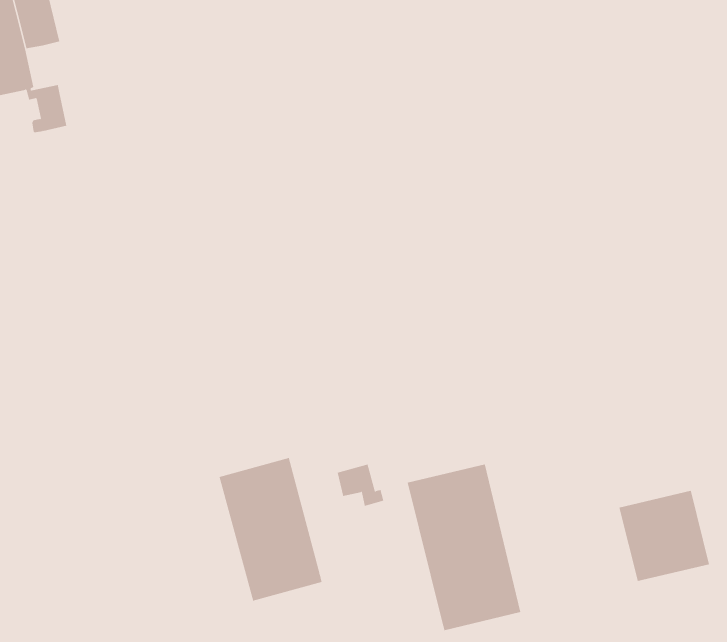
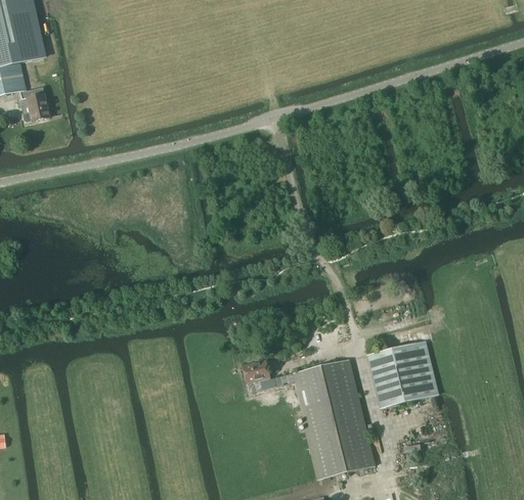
building: [219,457,322,601] -> none
building: [619,490,710,582] -> [373,340,438,406]

